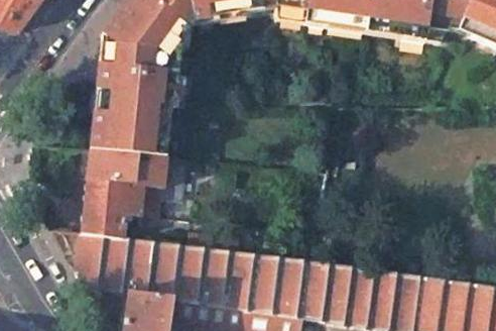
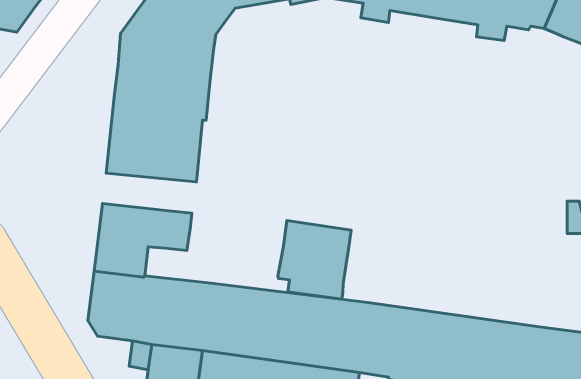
building: [89,152,188,200] -> none
building: none -> [278,220,351,299]

